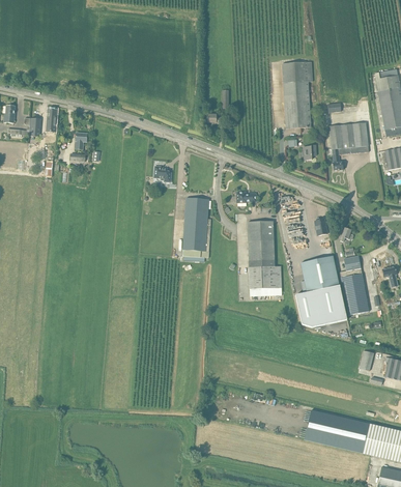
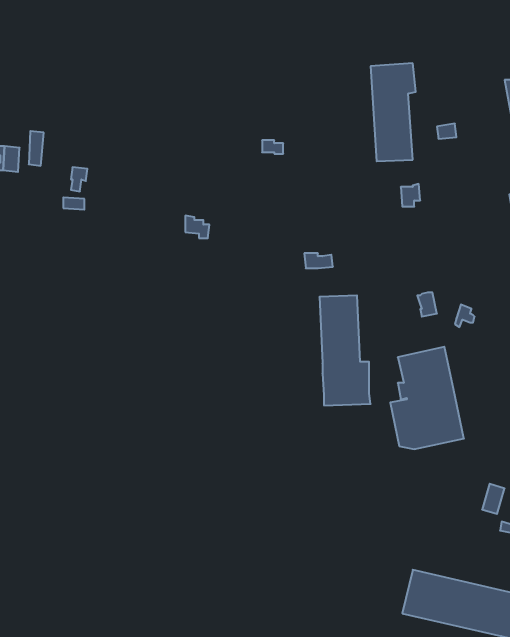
building: [328,122,369,170] -> none
building: [182,198,211,261] -> none
building: [340,255,369,315] -> none

